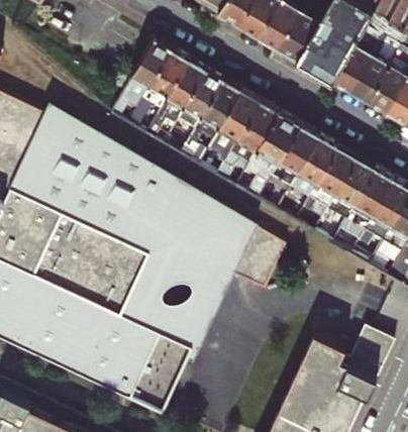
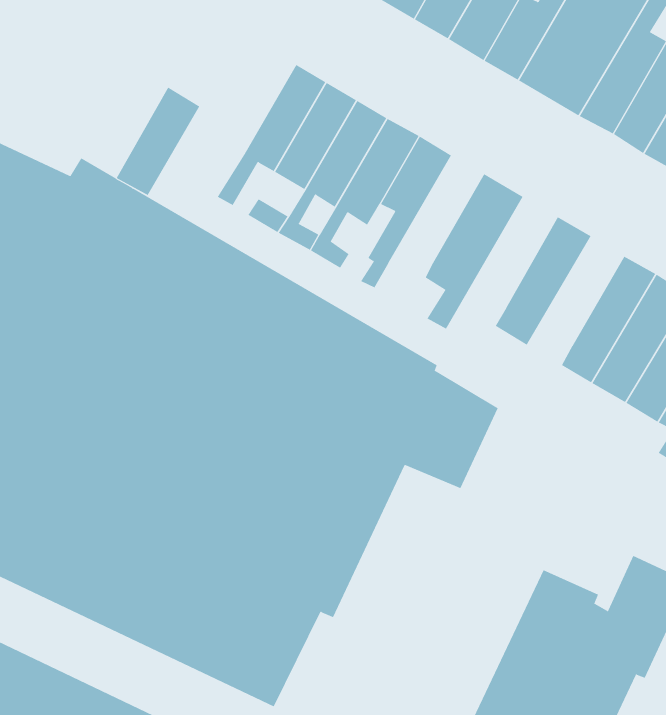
building: [124,40,172,102] -> [116,87,200,196]
building: [224,103,278,171] -> none
building: [257,126,319,205] -> none
building: [295,148,356,228] -> none

